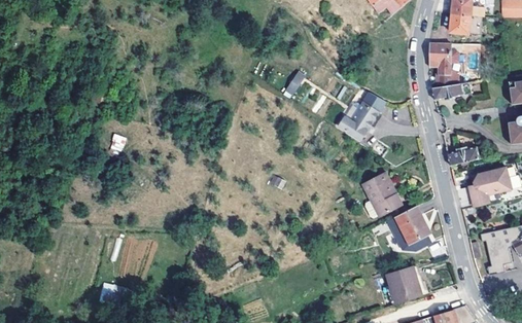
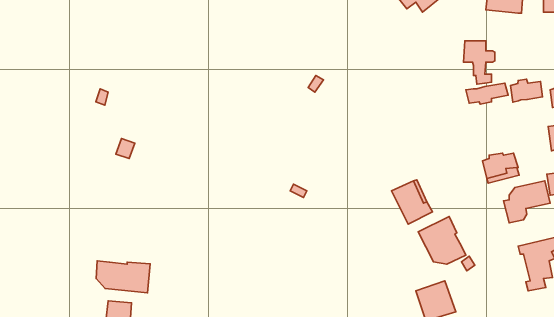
building: [449,13,481,34] -> none
building: none -> [511,79,542,102]
building: [341,92,386,139] -> none
building: none -> [96,261,150,293]

